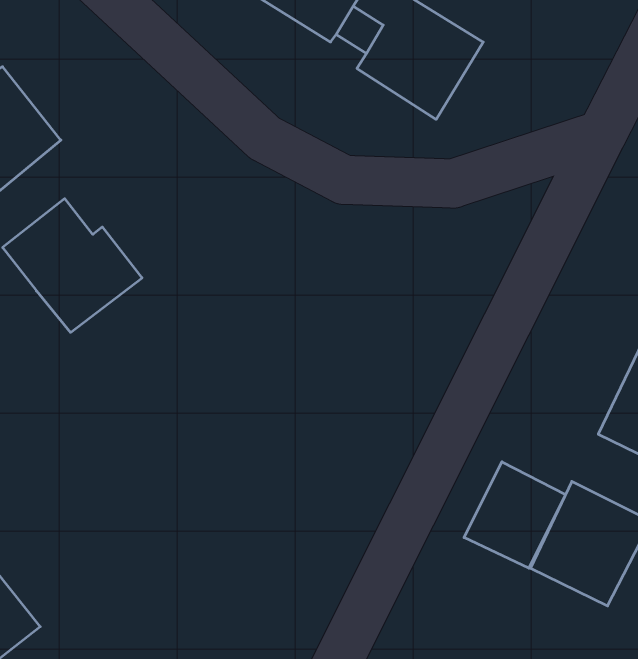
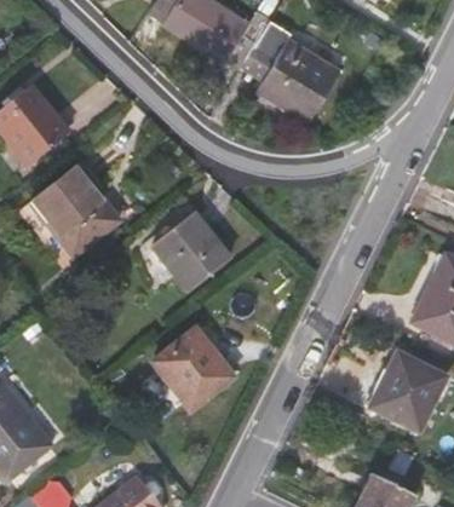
building: none -> [151,212,229,289]
building: none -> [153,328,234,409]
building: [464,462,566,568] -> none

